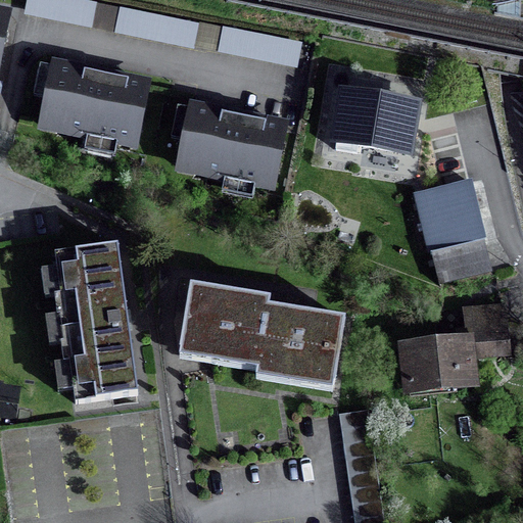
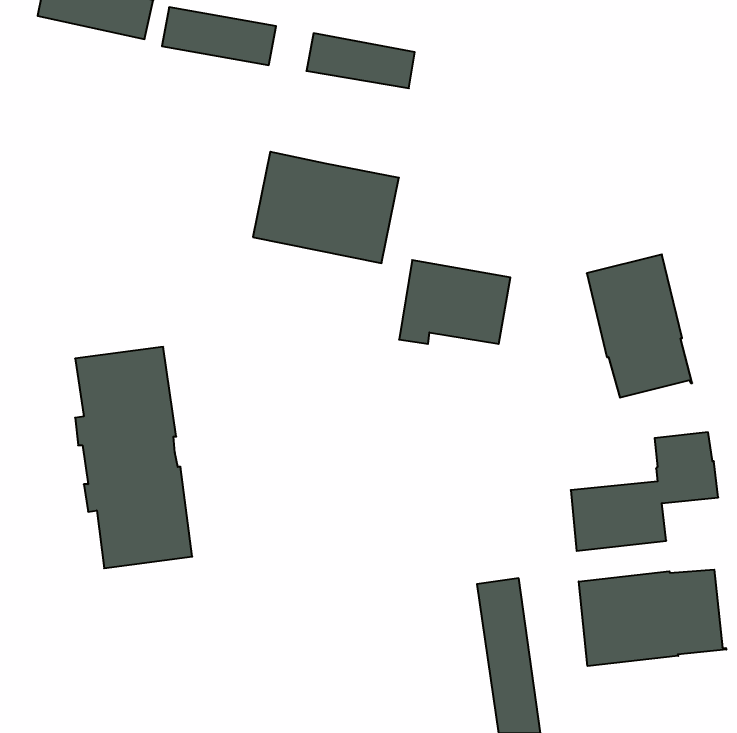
building: [43,65,145,144] -> none
building: [335,92,414,151] -> [399,260,510,344]
building: [180,286,343,382] -> none
building: none -> [579,570,726,666]

